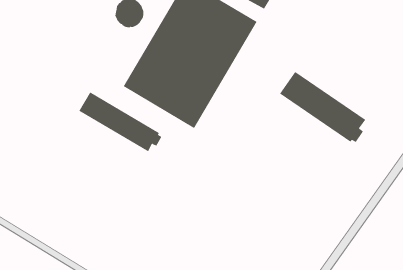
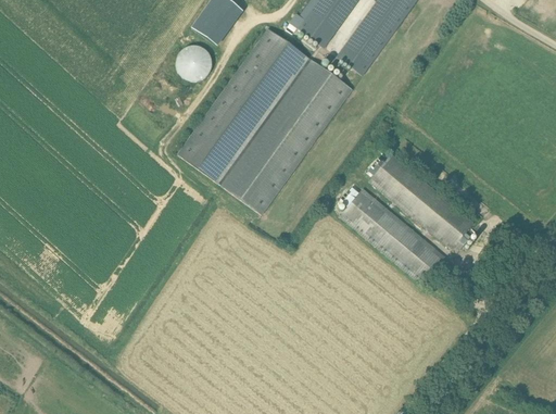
building: [79,92,162,152] -> none
building: none -> [341,188,447,284]

